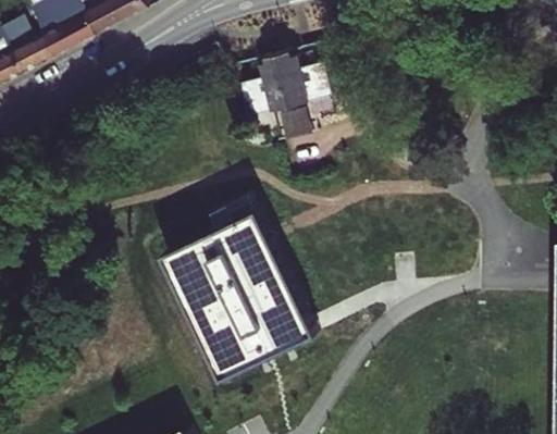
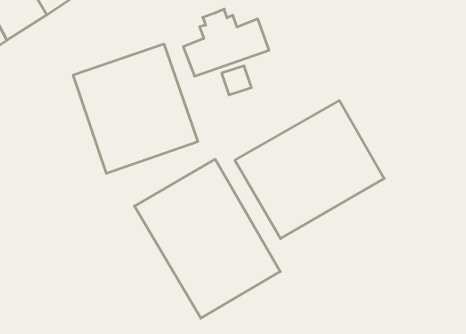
building: none -> [73,44,198,173]
building: none -> [235,101,384,239]

